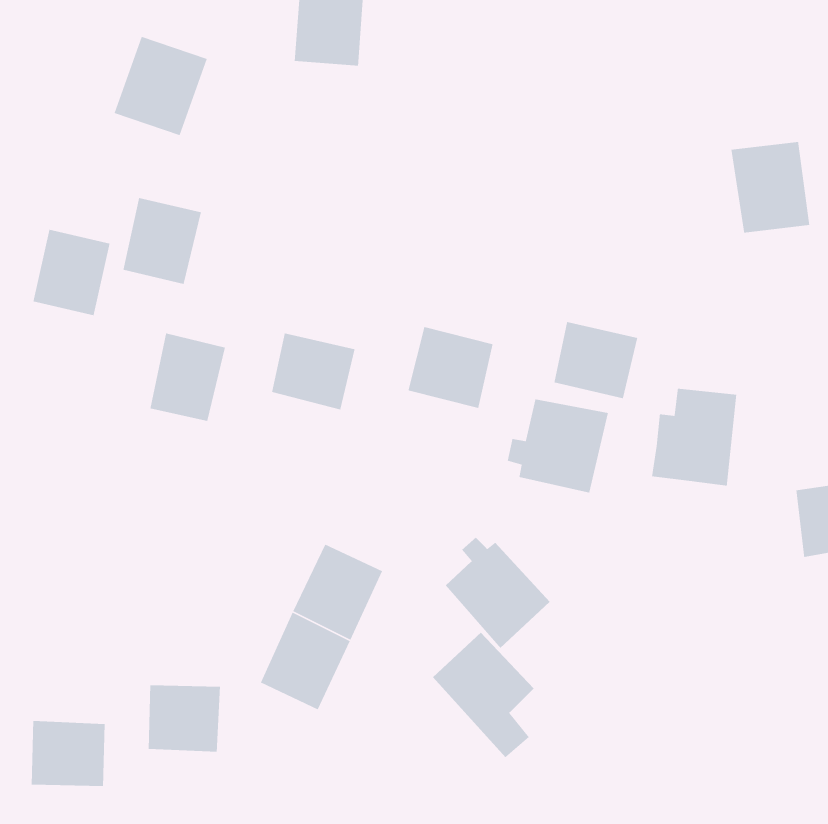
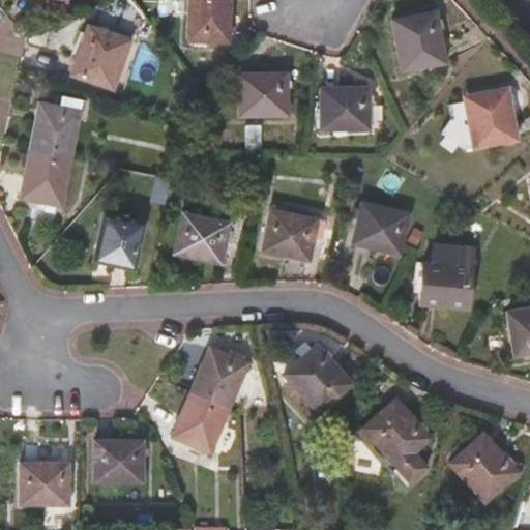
building: none -> [395,12,444,68]
building: none -> [238,72,287,115]
building: none -> [322,88,371,129]
building: [122,197,202,285] -> [32,99,83,155]
building: [507,399,609,494] -> none
building: [432,632,535,758] -> [365,402,431,482]
building: none -> [447,438,517,506]

